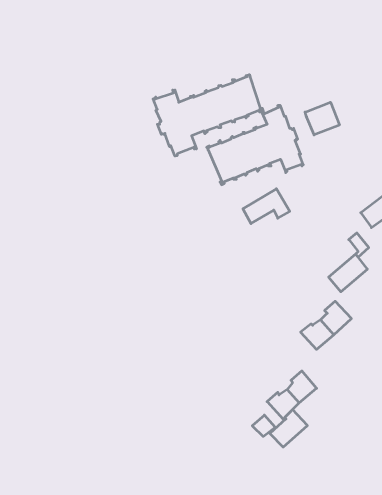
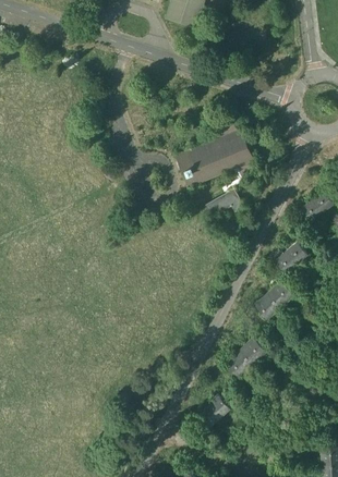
building: [153,75,263,156] -> none
building: [305,102,339,135] -> none
building: [270,410,307,447] -> [200,394,230,425]

